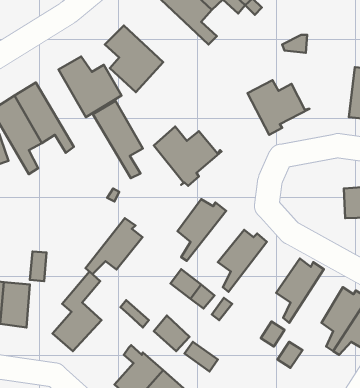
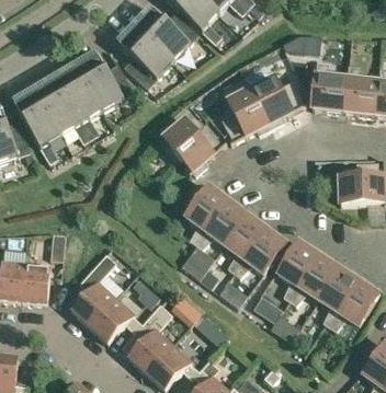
building: none -> [136,9,197,60]
building: none -> [310,61,349,111]
building: none -> [220,89,270,143]
building: [93,101,143,178] -> [55,67,101,138]
building: [85,218,143,274] -> [194,197,247,248]
building: none -> [232,226,285,276]
building: none -> [288,251,338,304]
building: none -> [89,298,140,343]

